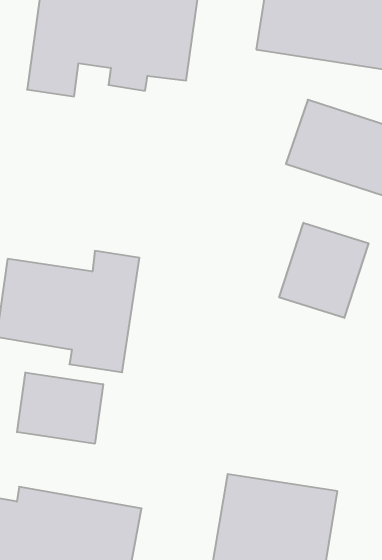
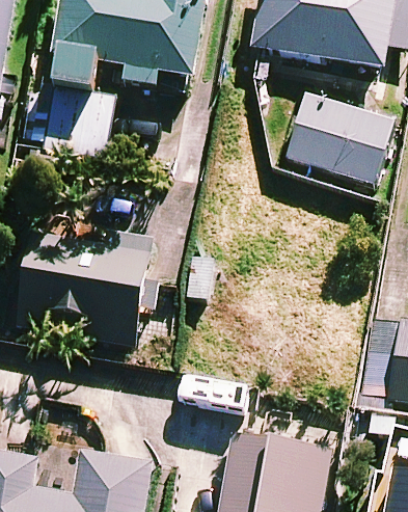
building: [279,223,369,318] -> none
building: [17,372,103,444] -> none

